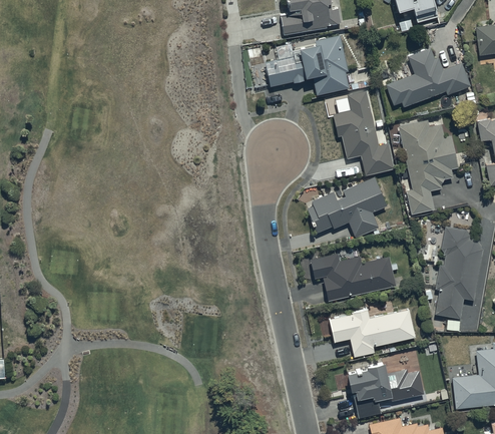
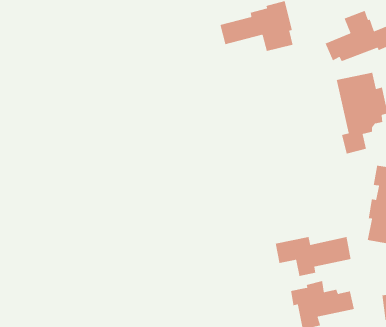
building: [334,91,396,176] -> none
building: [308,178,387,239] -> none
building: [310,253,399,302] -> none

